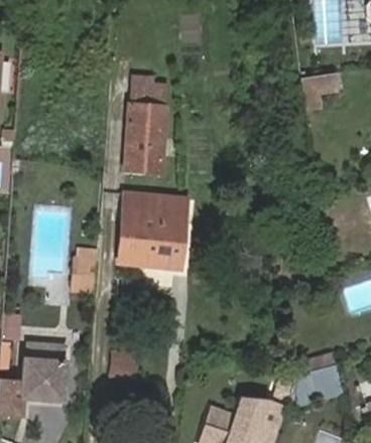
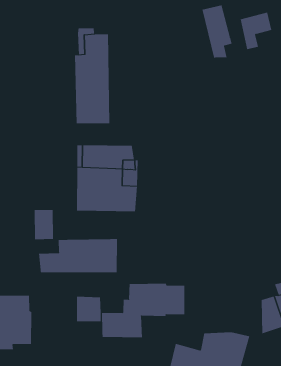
building: none -> [202,5,232,58]
building: none -> [38,238,117,273]
building: none -> [102,283,185,338]

